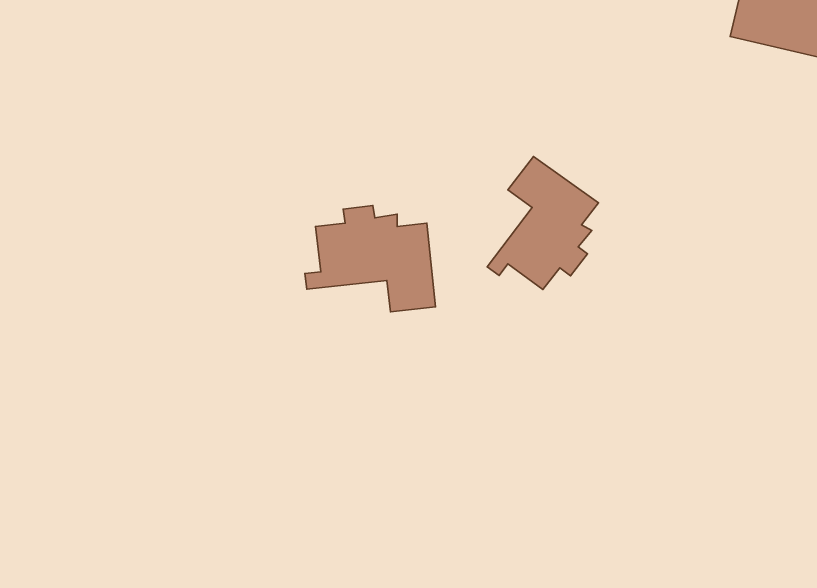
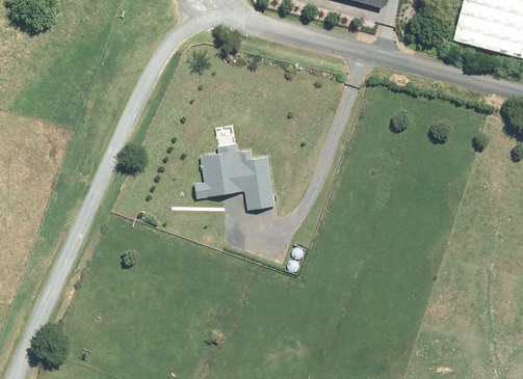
building: [487,156,599,290] -> none

